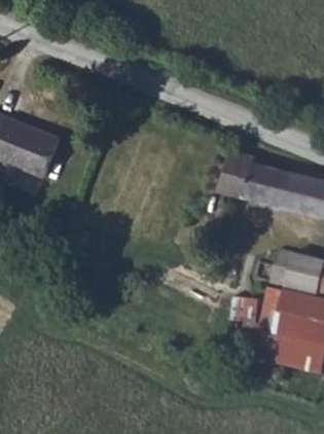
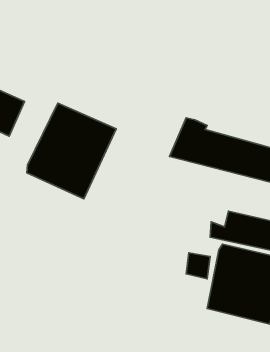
building: none -> [27,103,116,199]

